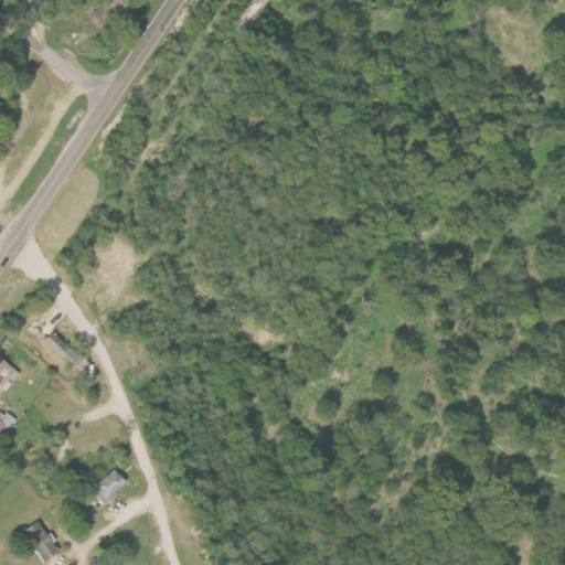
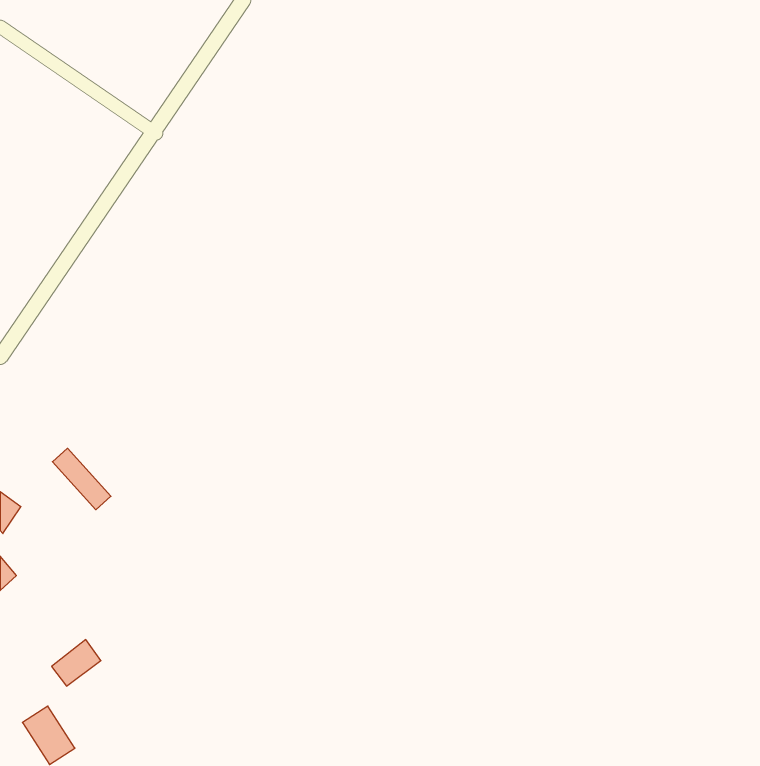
building: [89,469,126,503] -> [52,640,101,686]

